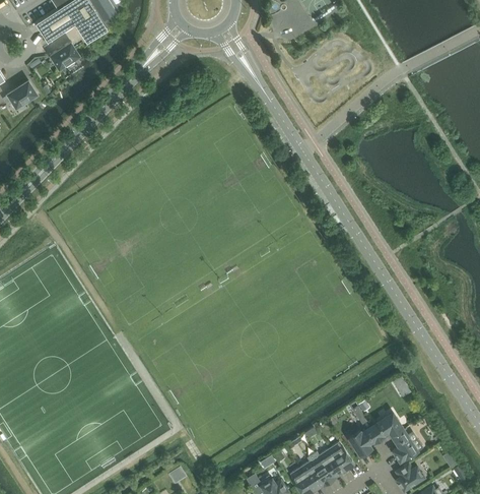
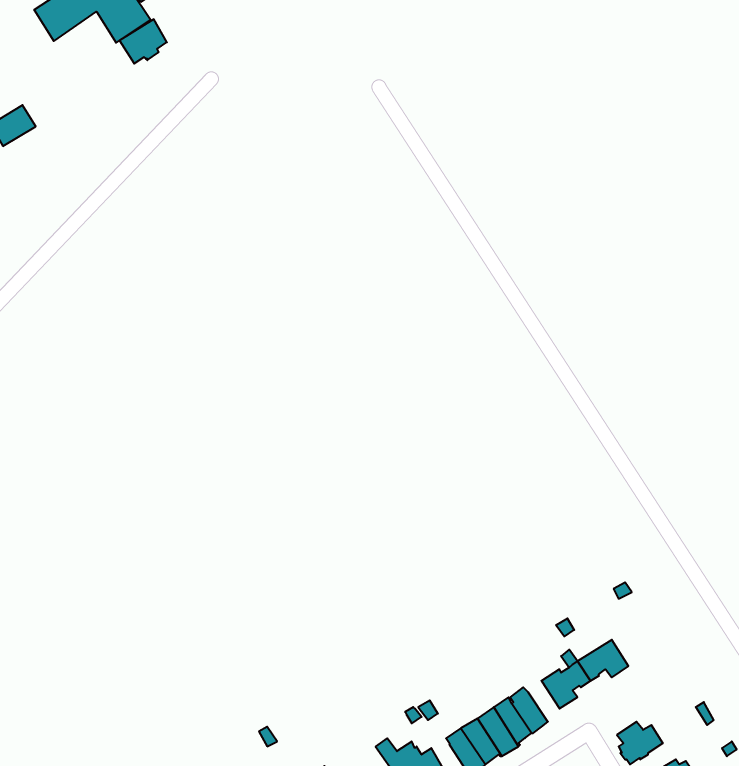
building: [50,43,79,70] -> [119,19,167,64]
building: [393,430,423,462] -> none

